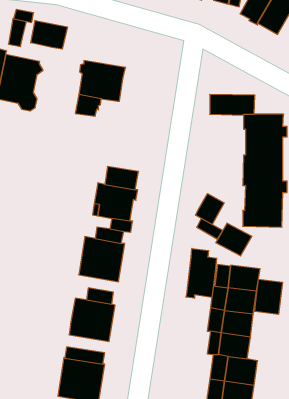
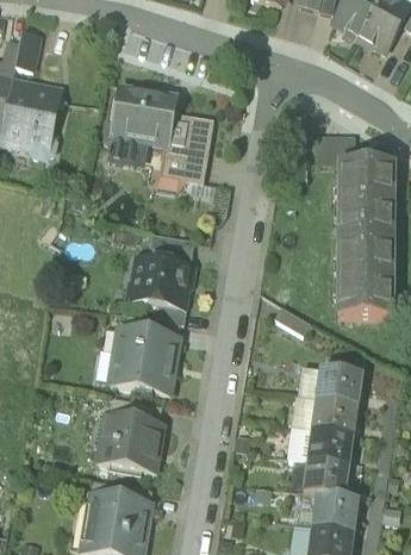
building: [31,20,67,49] -> none
building: none -> [162,113,214,183]
building: [196,194,224,225] -> none
building: [216,223,252,256] -> none
building: [186,248,217,298] -> none
building: [255,279,282,314] -> none

